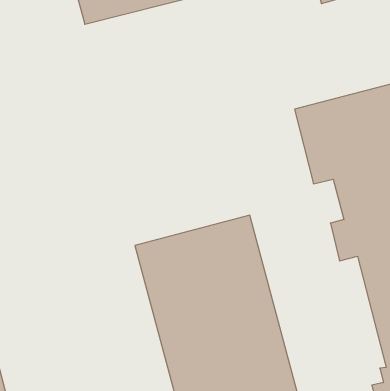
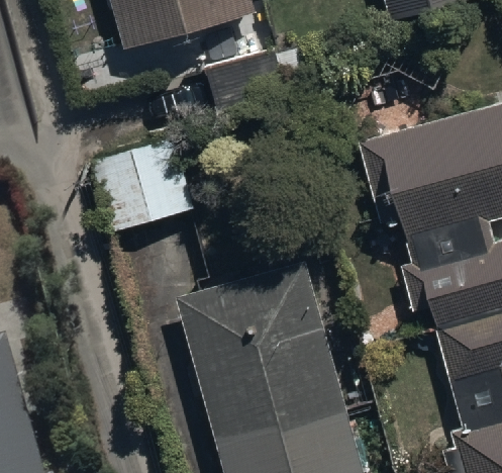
building: none -> [96,138,196,232]

